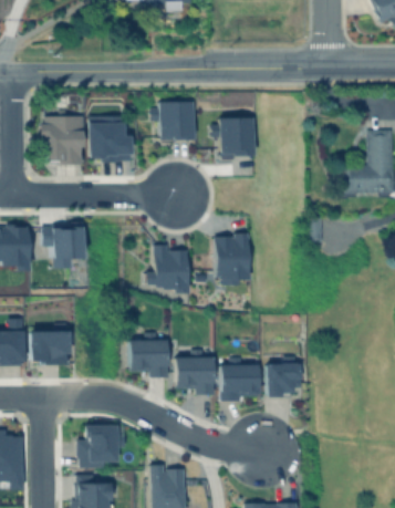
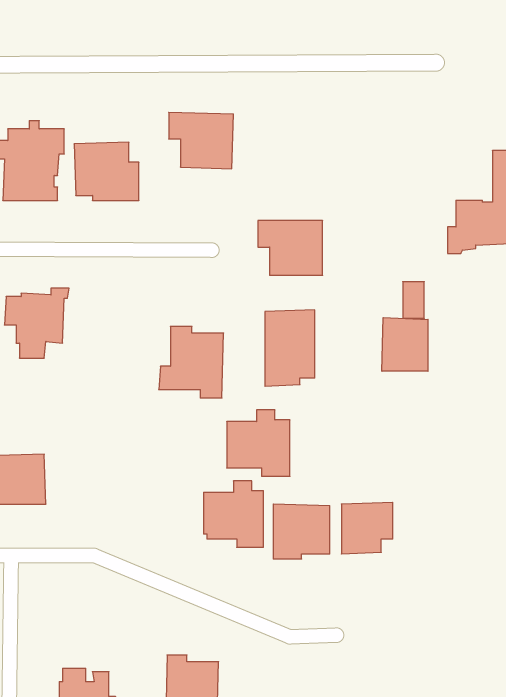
building: [211,120,254,156] -> [258,221,323,275]
building: none -> [382,318,428,371]
building: [127,331,169,375] -> [227,410,290,476]
building: [77,425,125,468] -> none

